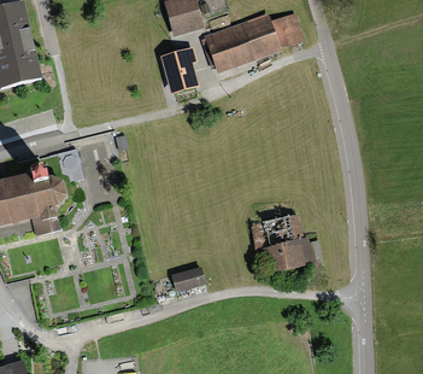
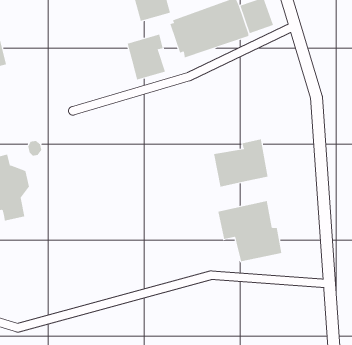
building: none -> [214,139,268,188]
building: [174,267,206,291] -> none

